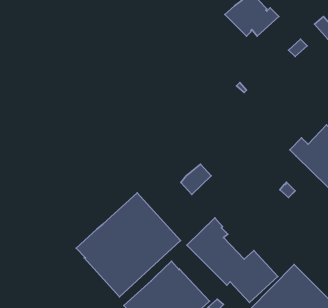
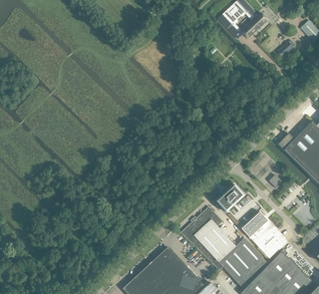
building: [181,164,211,194] -> [216,184,244,212]
building: [76,193,181,297] -> none
building: none -> [241,211,287,258]

